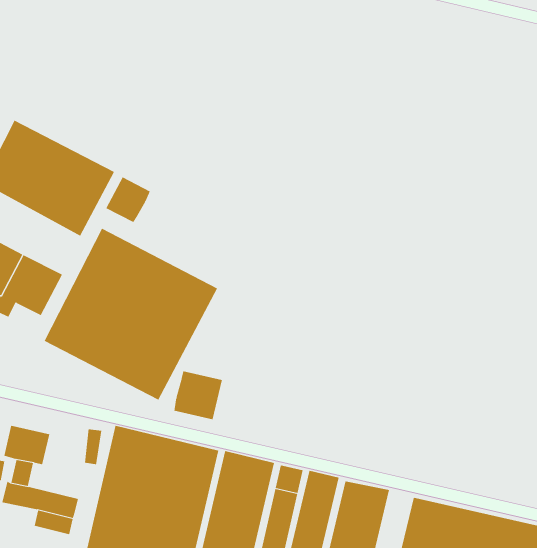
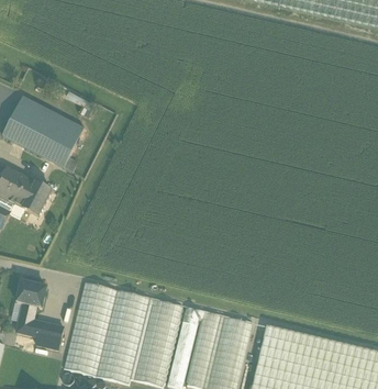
building: [106,177,150,223] -> none
building: [44,228,218,401] -> none
building: [174,371,222,420] -> none

